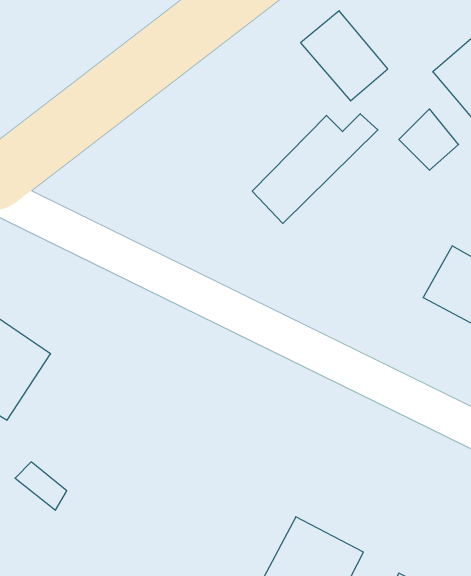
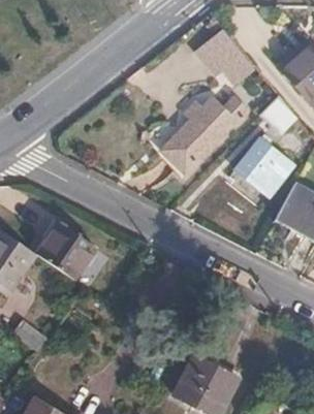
building: none -> [236,140,289,194]
building: none -> [36,222,96,278]

